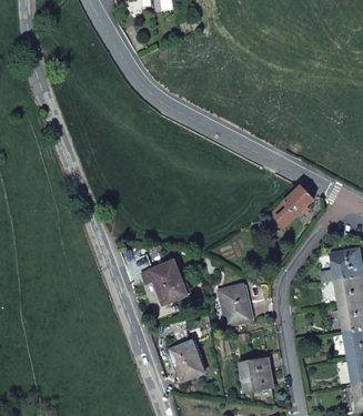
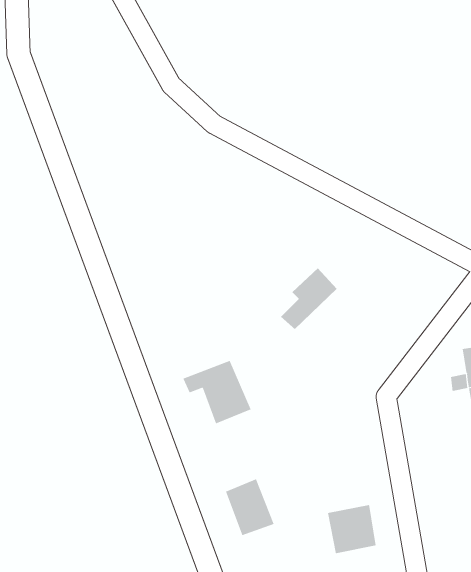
building: [274,184,313,226] -> [280,268,338,330]
building: [219,283,251,324] -> none

